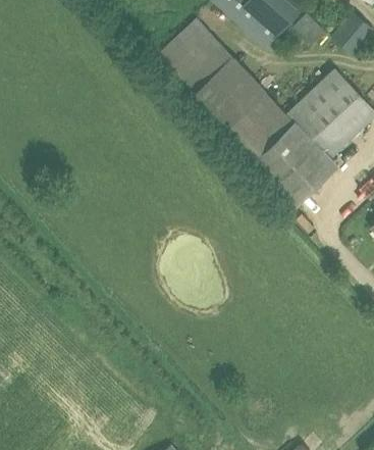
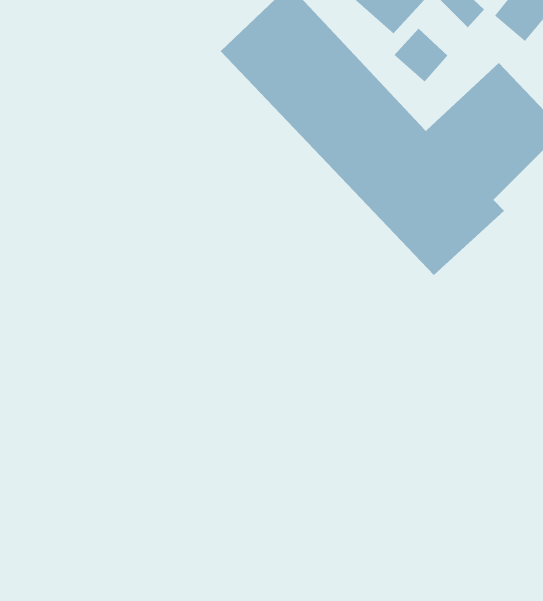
building: none -> [394,28,448,82]

